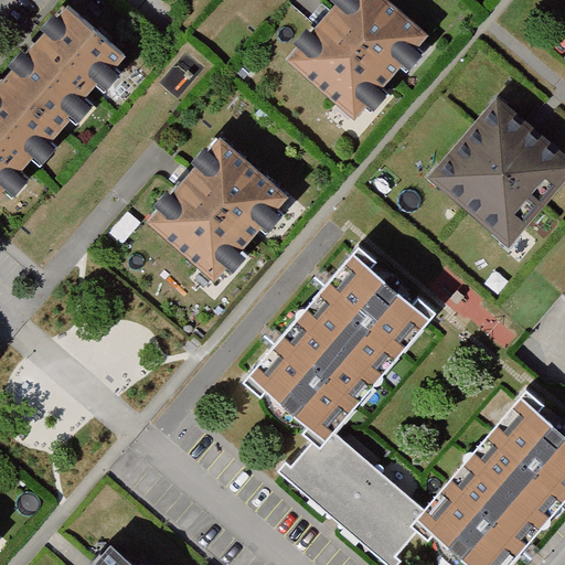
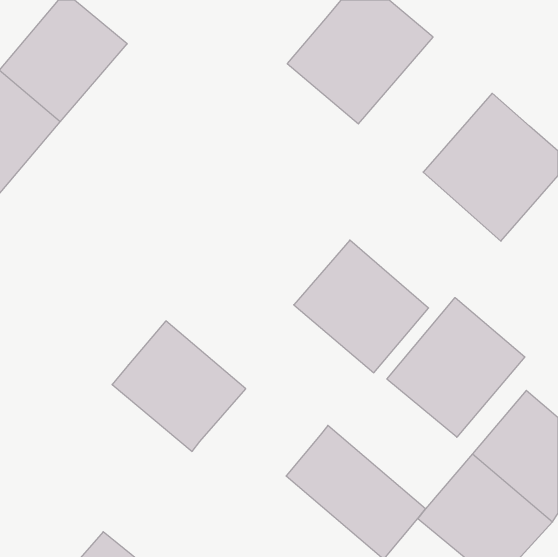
building: [152,136,299,285] -> none
building: none -> [387,298,525,437]
building: [242,310,376,441] -> [112,321,246,451]

